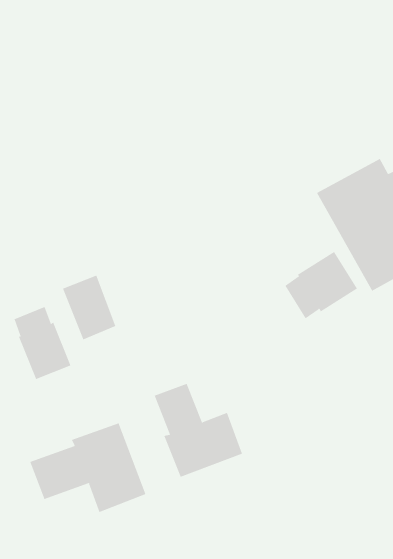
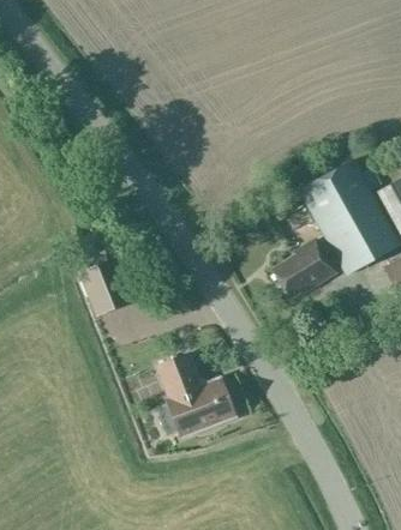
building: [14,306,71,380] -> none
building: [30,423,146,513] -> none

